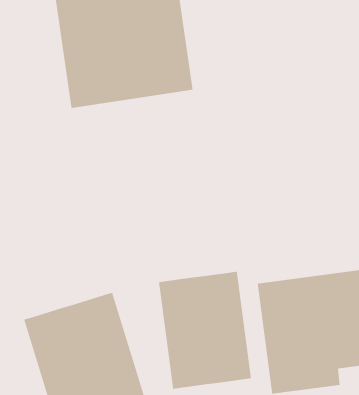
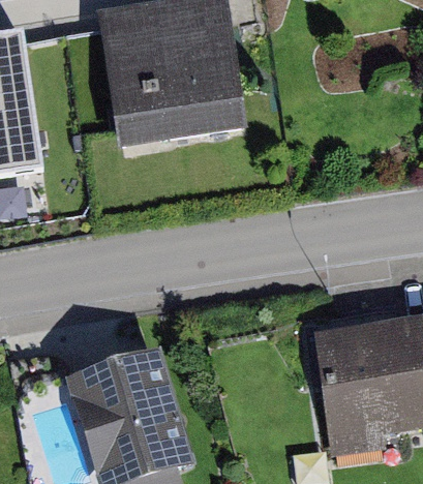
building: [158,271,252,390] -> none

